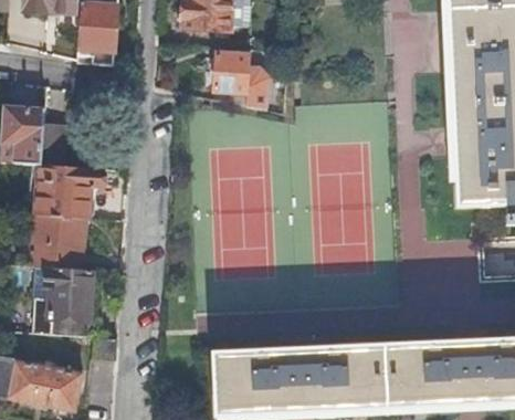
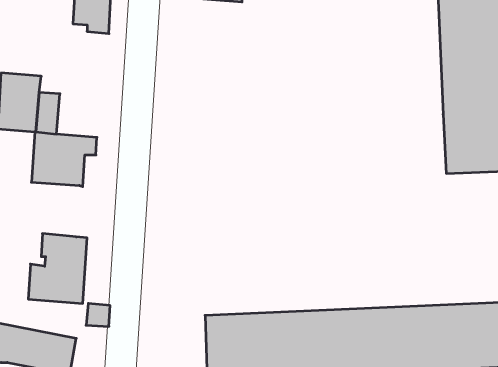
building: [213,53,270,109] -> none
building: [33,216,84,271] -> none

